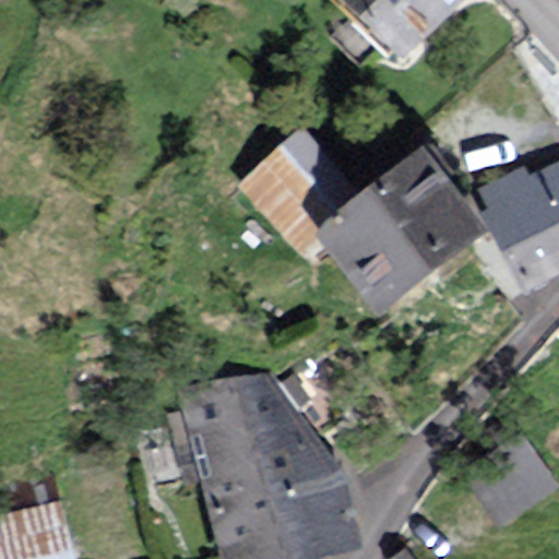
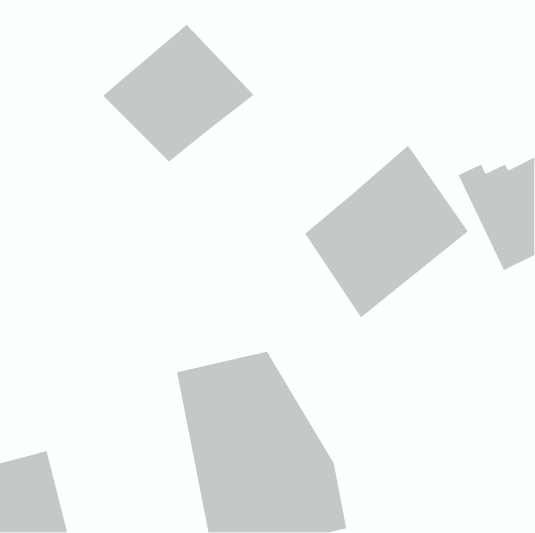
building: none -> [102,24,255,162]
building: [237,129,366,259] -> none

